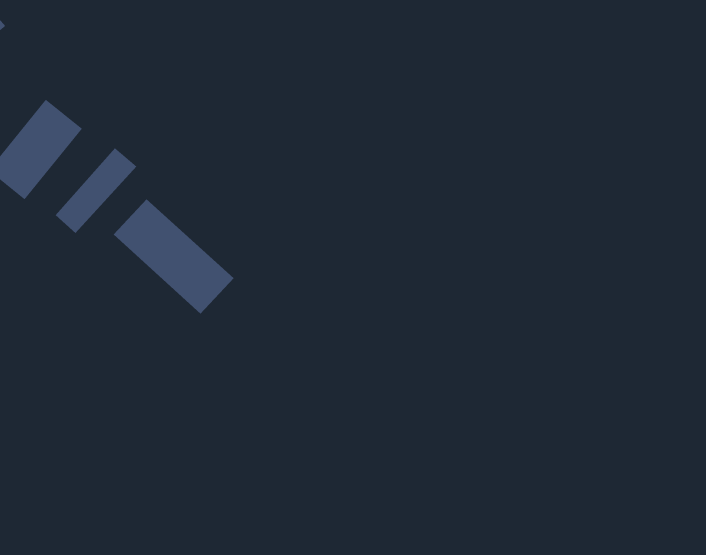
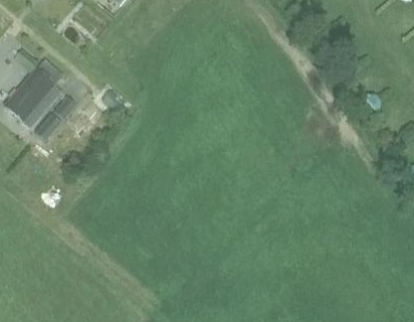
building: [113,198,234,315] -> none

